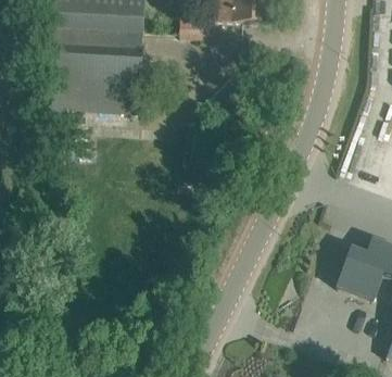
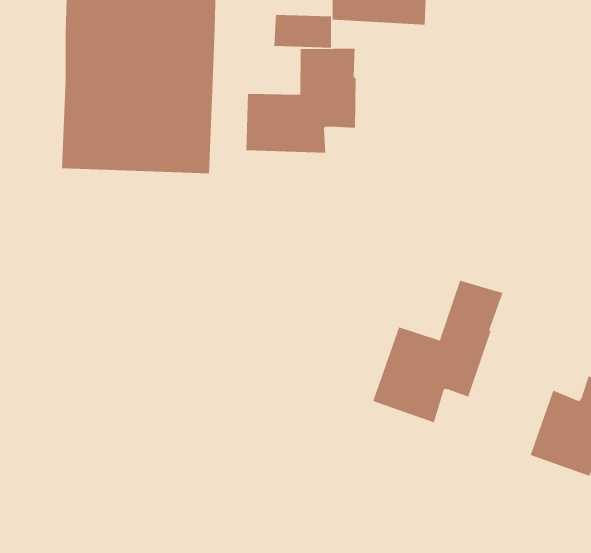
building: none -> [246,48,356,153]
building: none -> [373,280,503,423]

